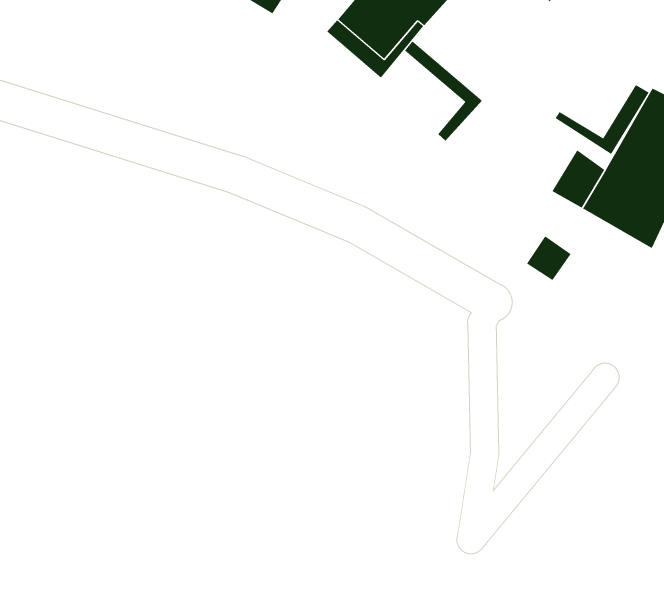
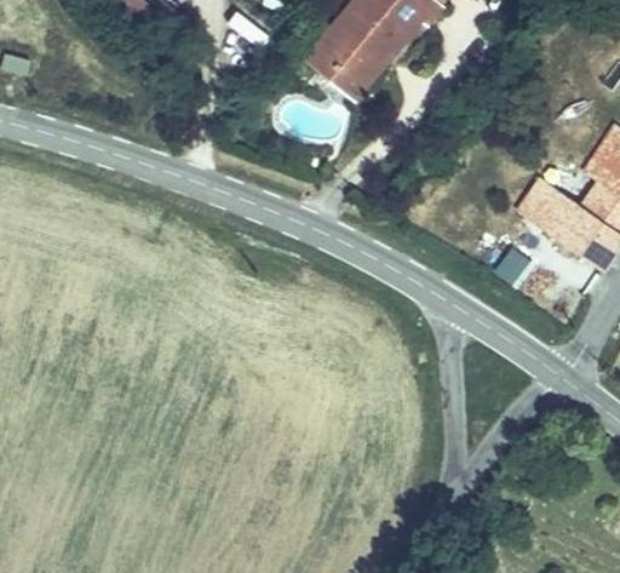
building: [404,41,483,142] -> none
building: [555,84,650,155] -> none

